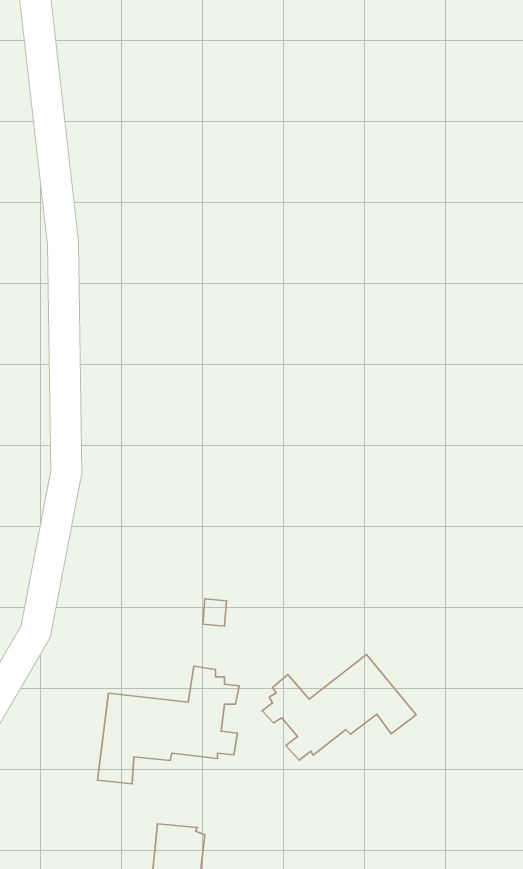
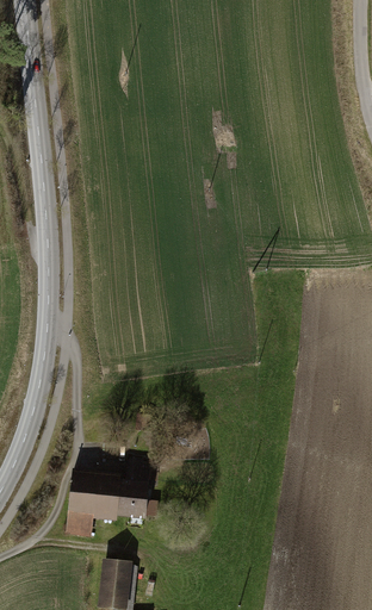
building: [262,655,416,760] -> none

